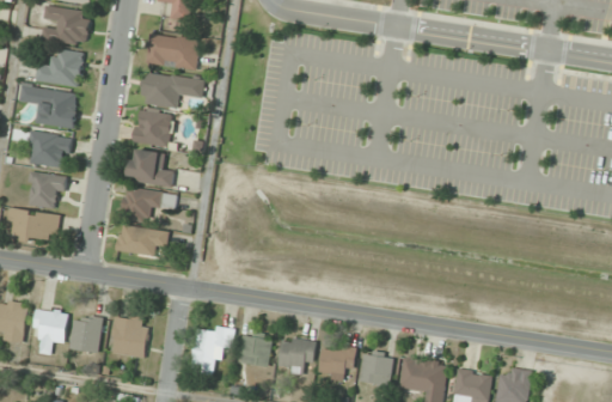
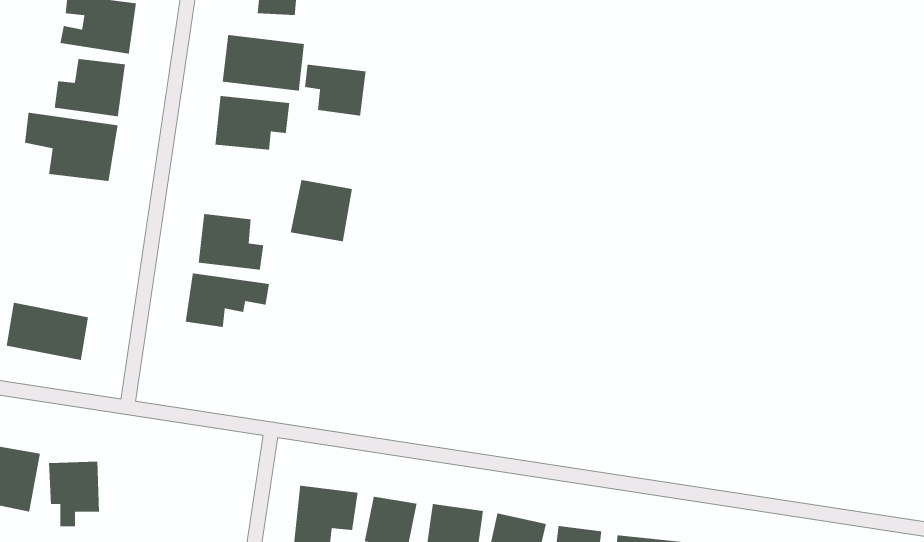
building: none -> [304,64,366,117]
building: [133,108,173,148] -> [290,179,353,242]
building: [26,129,72,168] -> none
building: [29,173,65,206] -> none
building: [116,224,169,256] -> none
building: [69,313,105,352] -> none
building: [111,315,148,357] -> none

